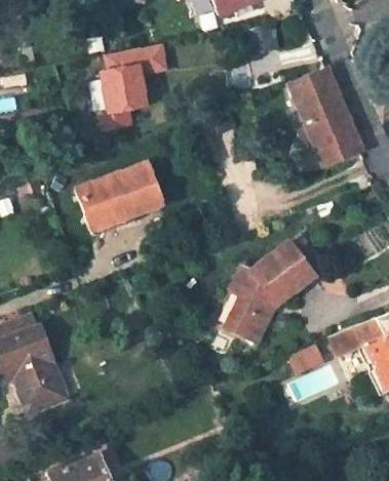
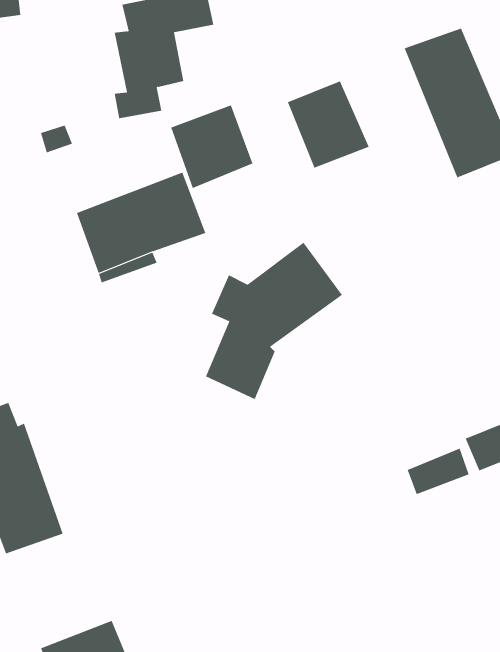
building: none -> [287,81,370,168]
building: none -> [170,104,253,189]
building: [225,242,315,346] -> [205,242,343,400]

